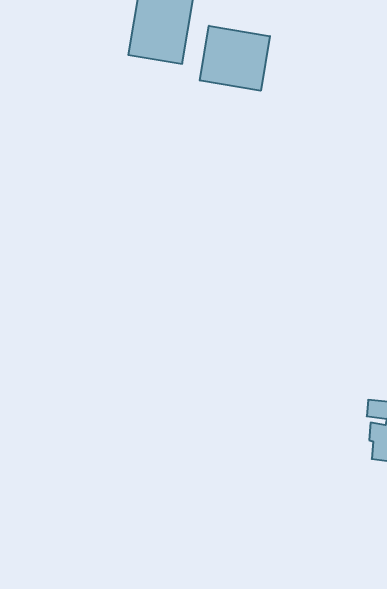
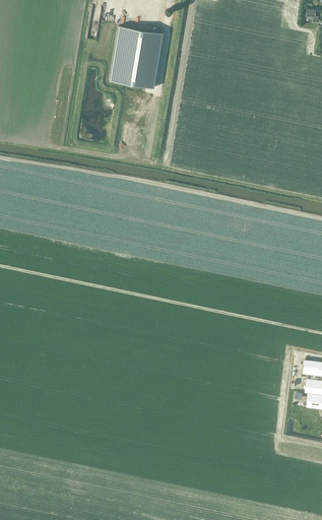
building: [200,26,270,91] -> none

